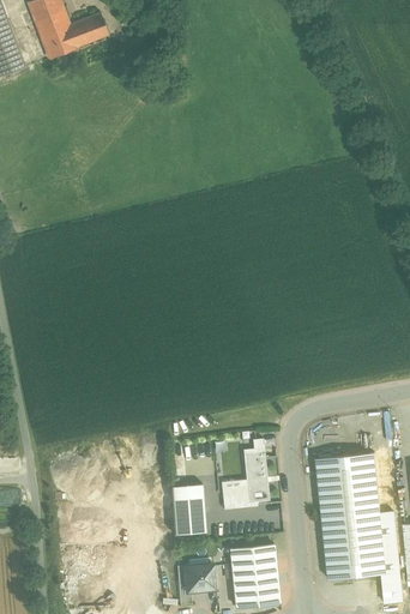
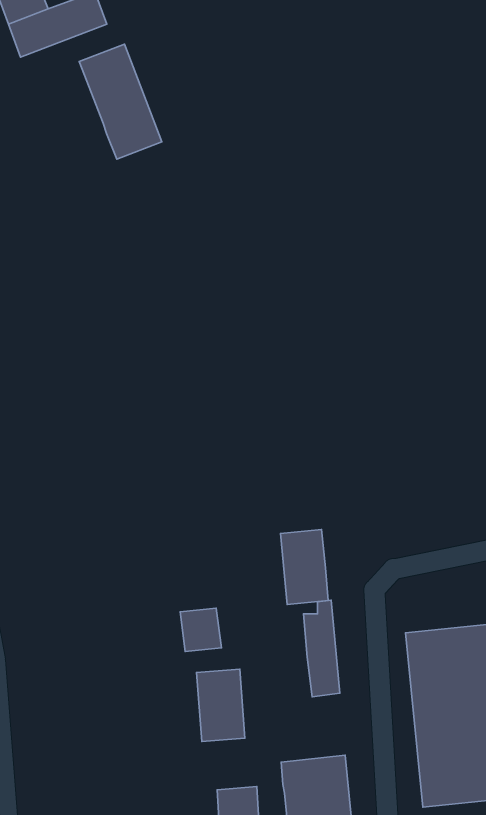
building: none -> [79,44,162,159]
building: none -> [281,529,328,605]
building: [222,475,251,505] -> [180,608,222,651]

